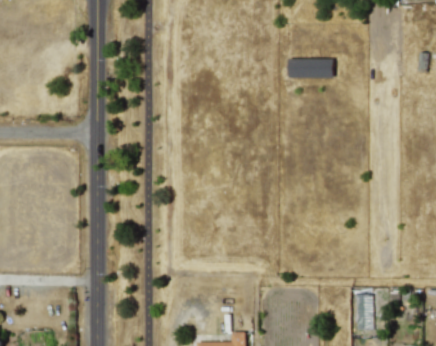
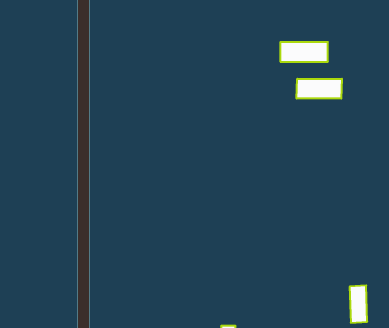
building: none -> [297,79,342,99]

